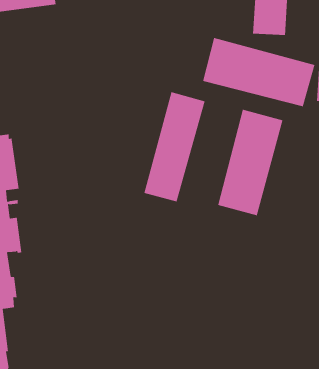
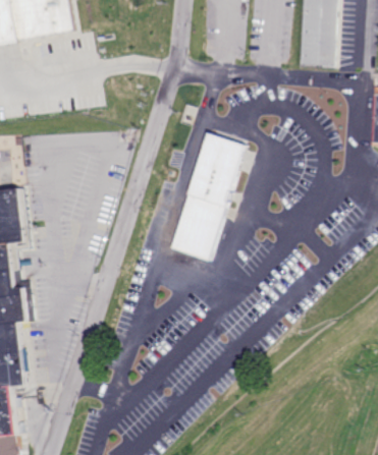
building: [202,37,315,107] -> none
building: [217,109,283,216] -> none

